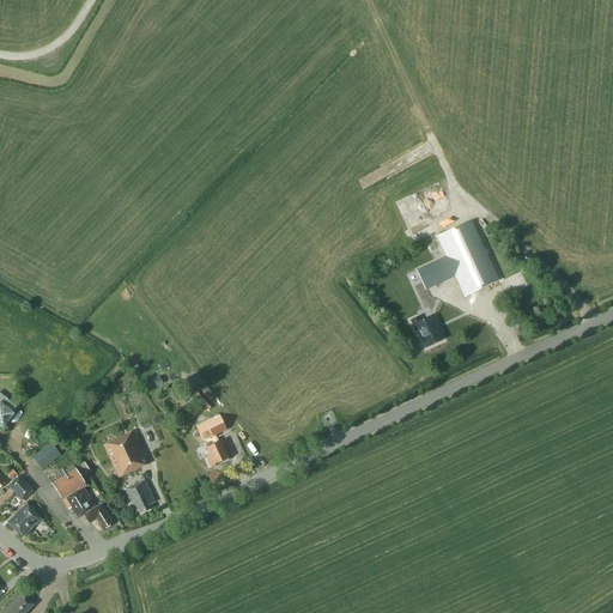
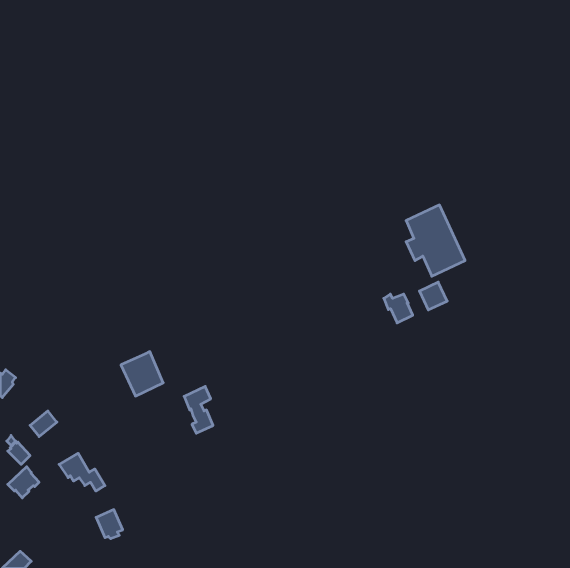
building: [415,260,445,290] -> [419,282,447,310]
building: [103,430,148,478] -> [121,352,163,396]
building: [50,465,86,499] -> none
building: [126,480,154,511] -> [96,510,123,539]

